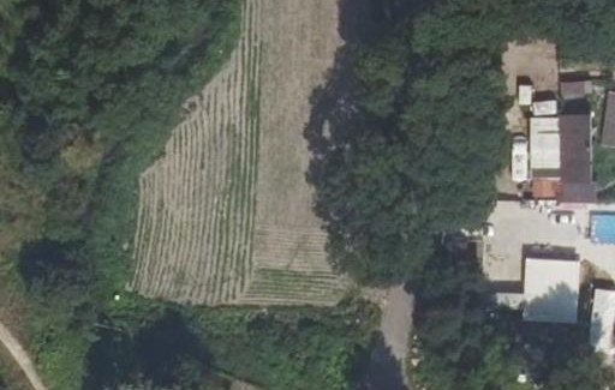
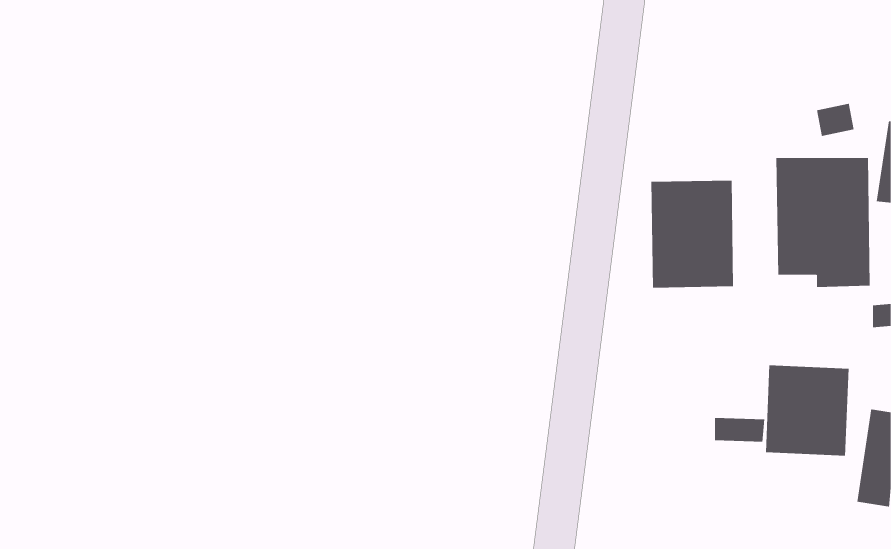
building: none -> [651,180,733,288]

